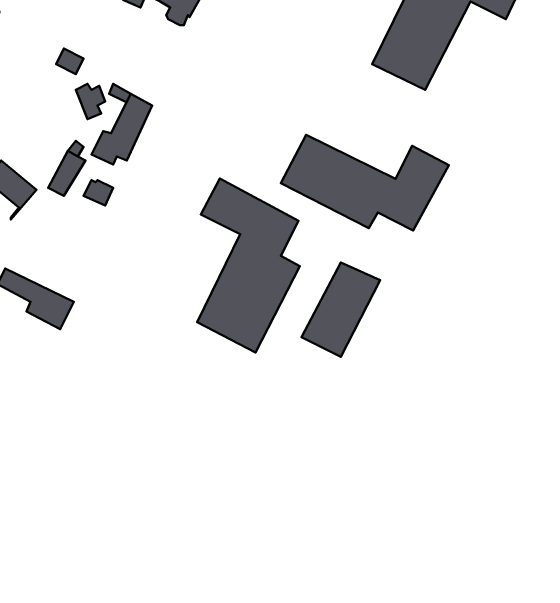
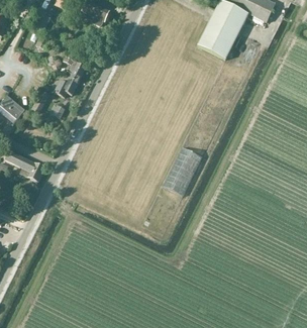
building: [281,135,449,230] -> none
building: [197,178,300,353] -> none

